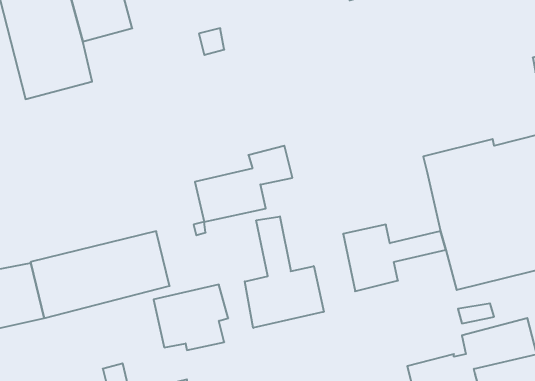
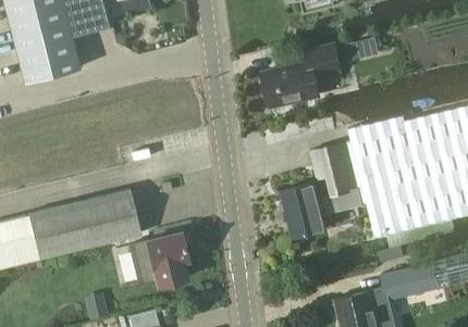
building: [195,146,292,222] -> [262,45,342,106]
building: none -> [310,142,362,200]
building: [245,216,324,328] -> none

